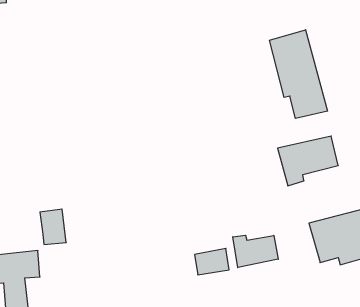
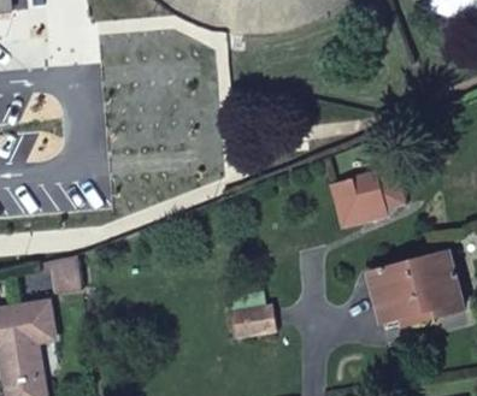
building: [270,30,328,118] -> none
building: [233,235,278,268] -> none

